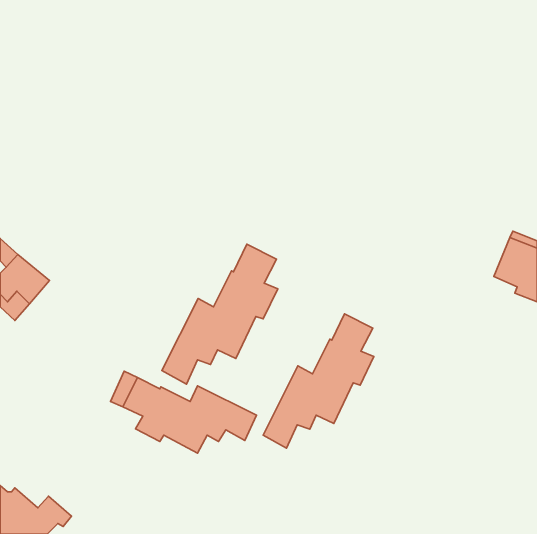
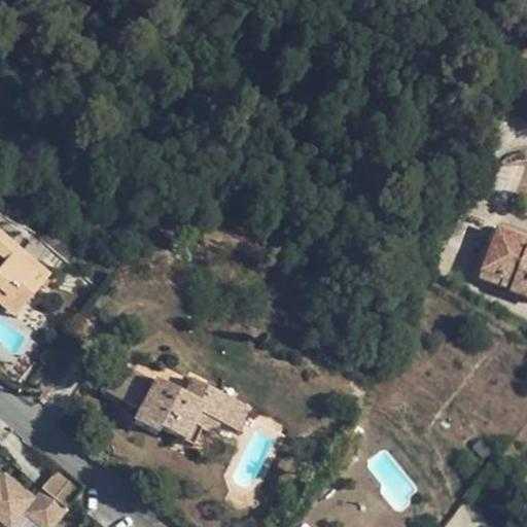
building: [162,244,278,384] -> none
building: [263,314,374,448] -> none

